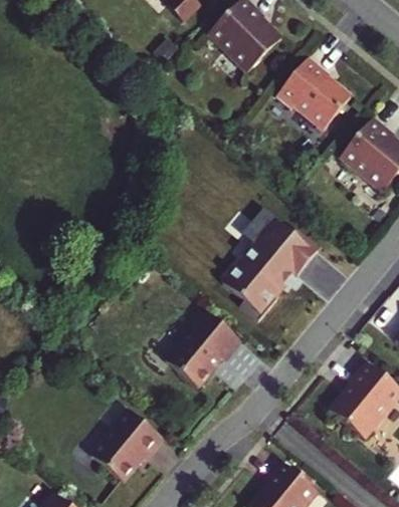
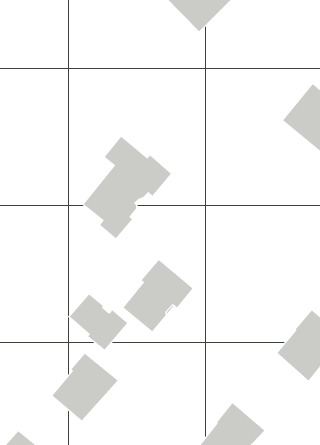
building: [273,60,347,133] -> none
building: [224,210,319,319] -> [83,136,172,239]
building: none -> [69,293,128,351]

